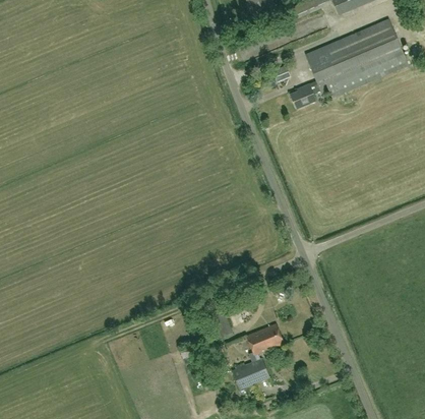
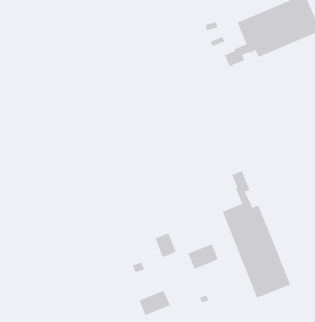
building: none -> [222,170,291,299]
building: [232,357,270,388] -> [139,290,171,316]

